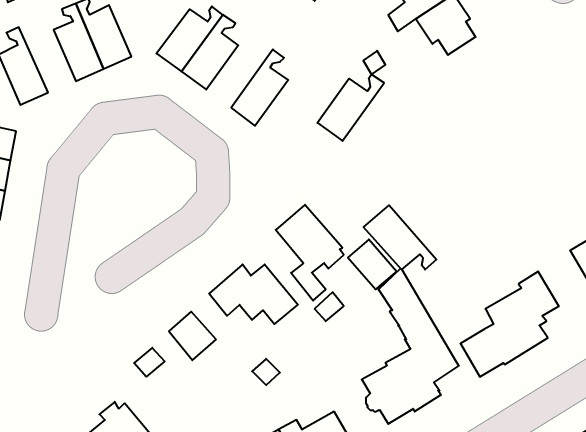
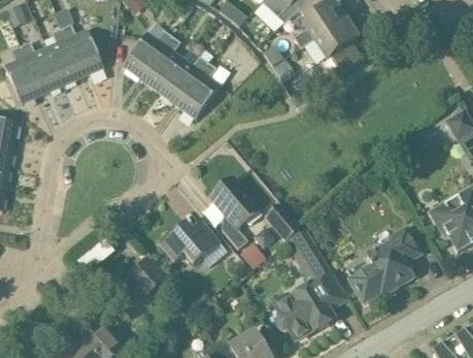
building: none -> [20,40,62,93]
building: [317,74,384,141] -> [159,55,208,104]
building: [364,205,436,270] -> none

